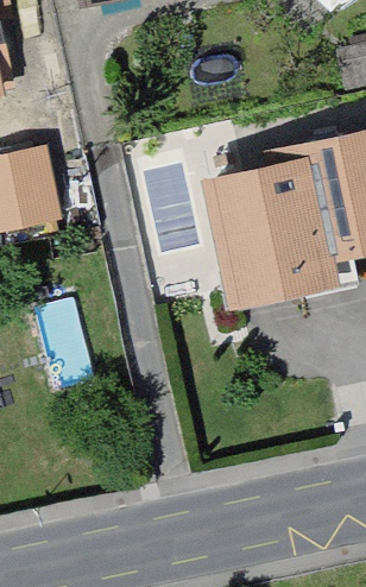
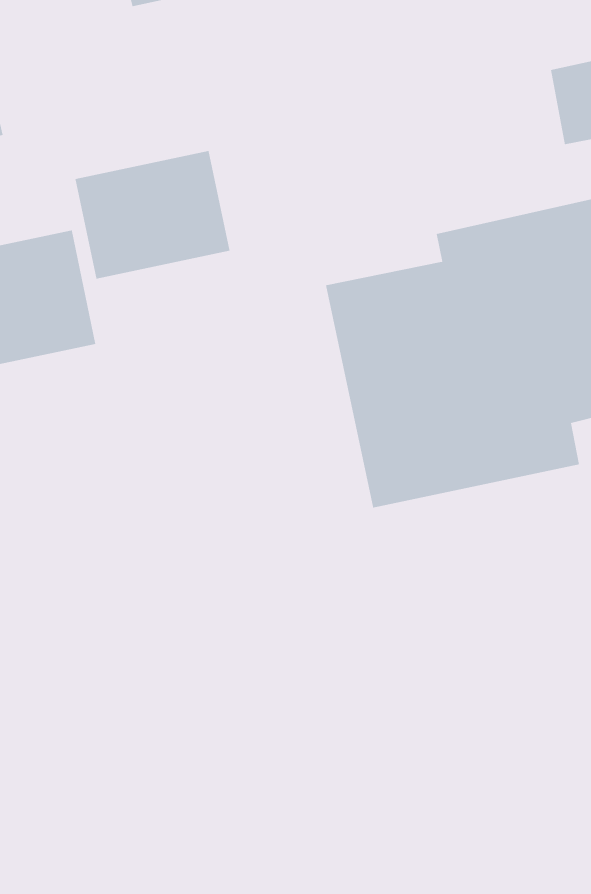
building: none -> [75,150,230,279]

